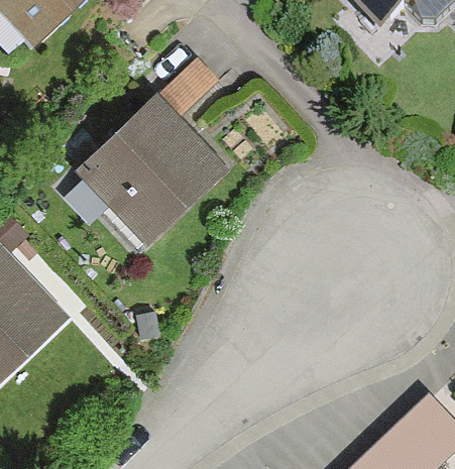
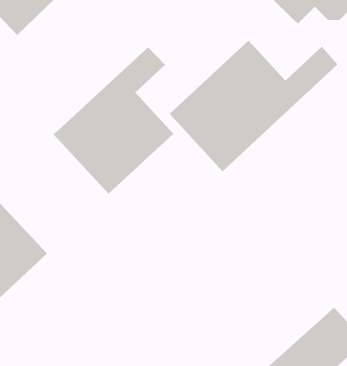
building: none -> [169,40,338,172]

